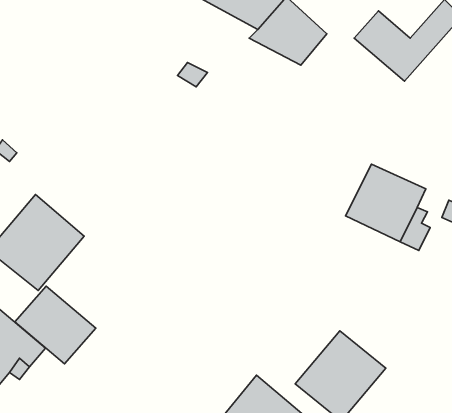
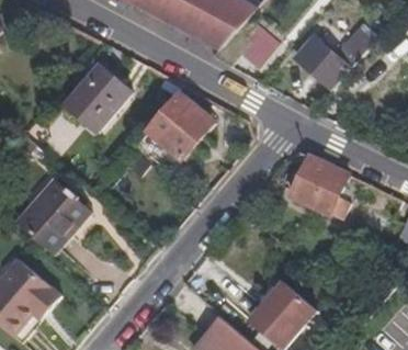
building: none -> [63,64,131,132]
building: none -> [133,92,214,169]
building: [15,286,96,364] -> none

